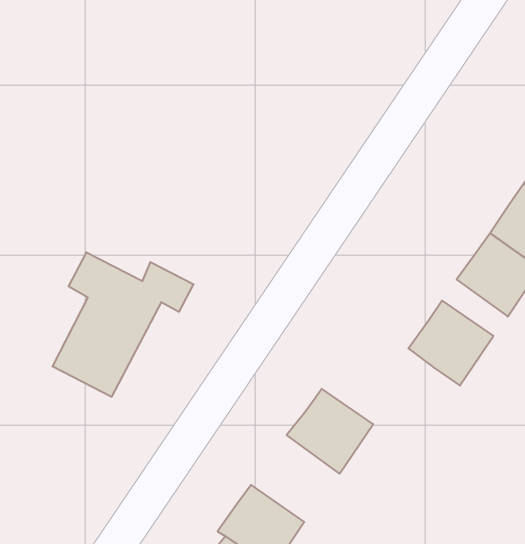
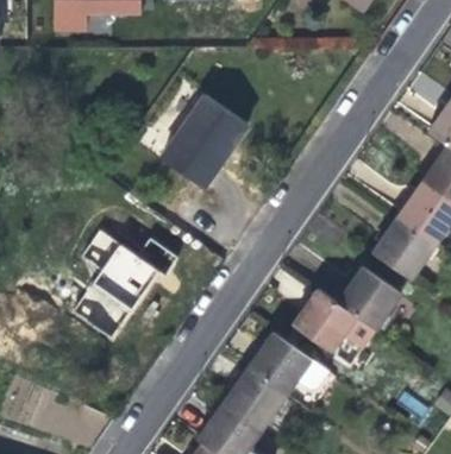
building: none -> [156,95,243,187]
building: none -> [292,289,375,364]
building: none -> [220,367,286,431]

